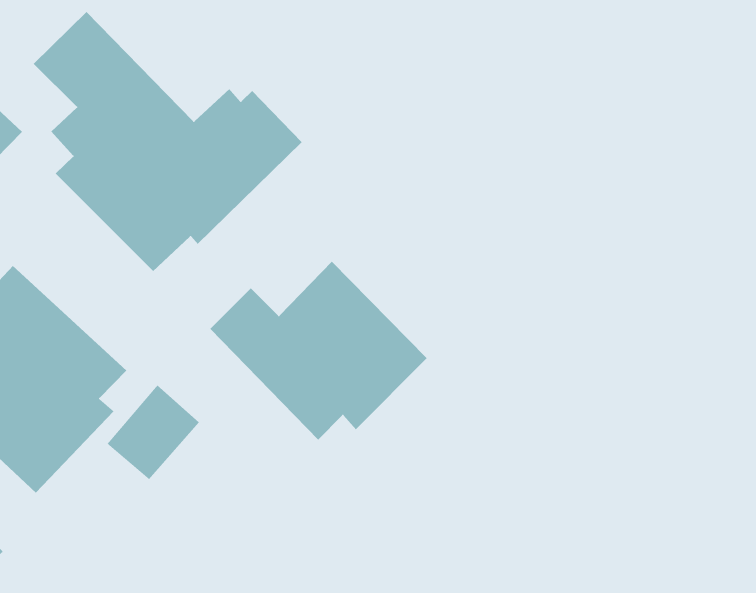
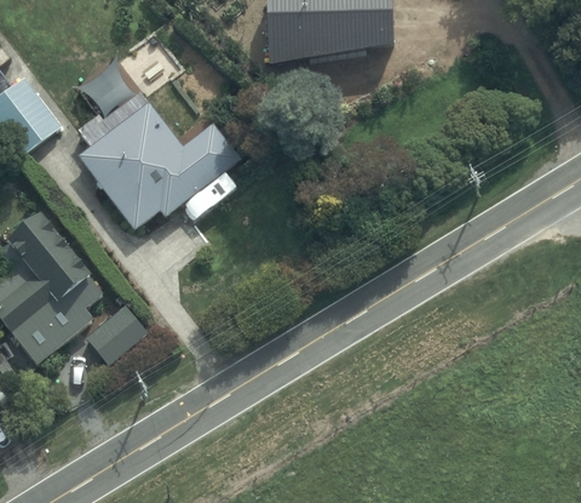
building: [209,261,427,441] -> none

